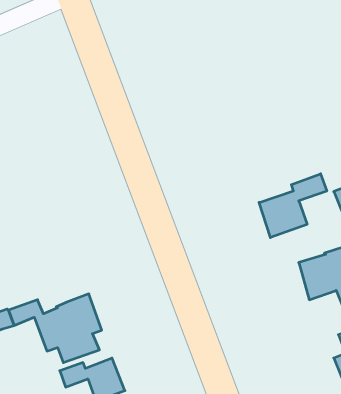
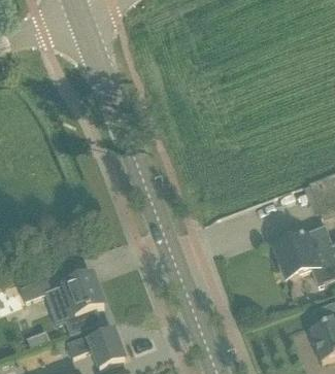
building: [259,174,327,238] -> none

